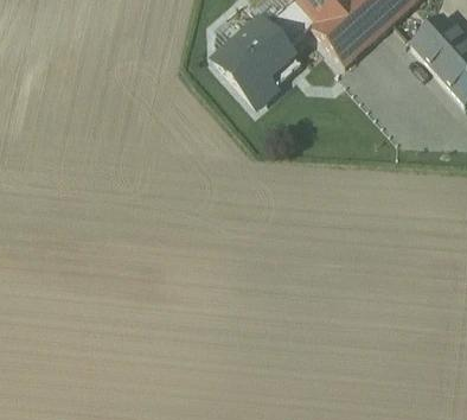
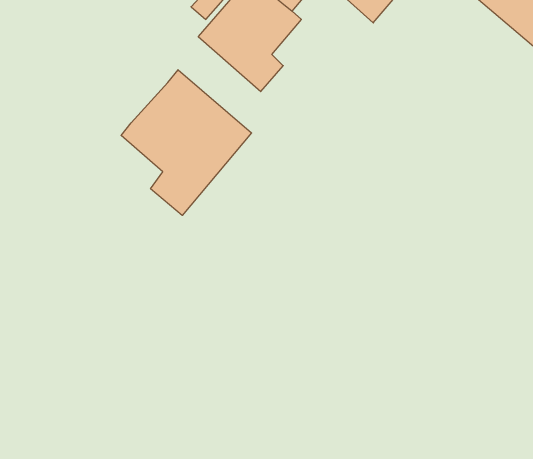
building: none -> [121,70,252,215]

